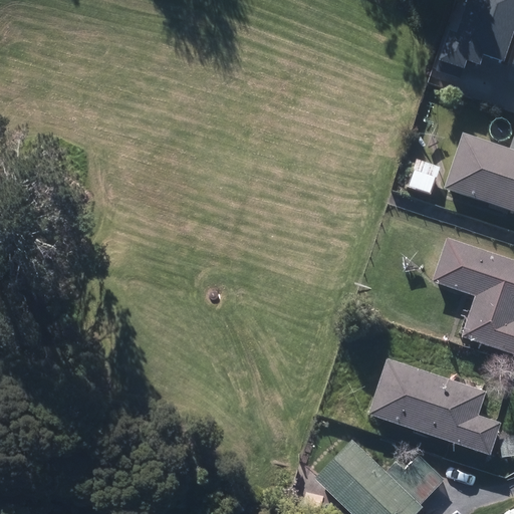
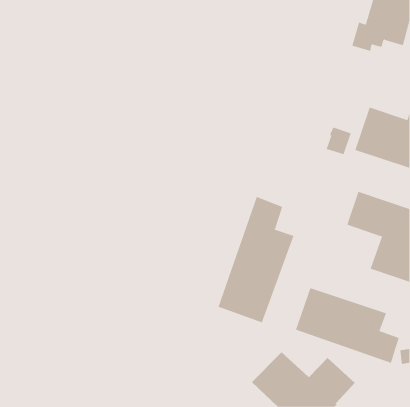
building: none -> [218,196,294,323]

